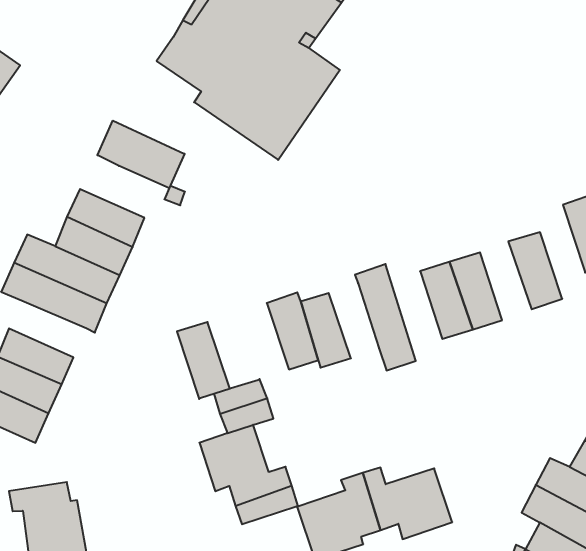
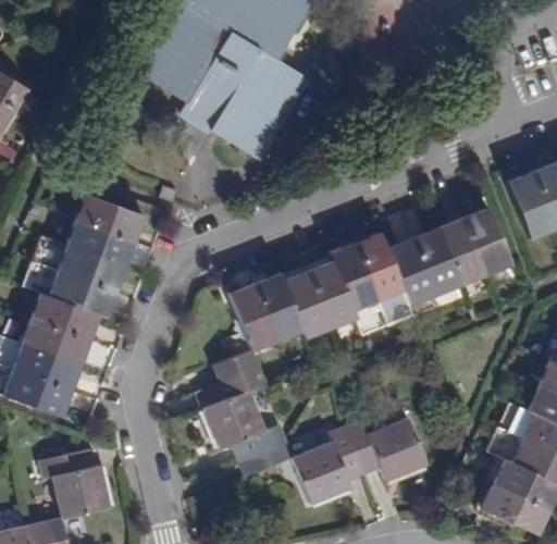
building: [97,121,185,188] -> none
building: none -> [438,217,486,285]
building: none -> [357,233,414,325]
building: none -> [309,261,356,326]
building: none -> [33,294,100,341]
building: [177,322,230,399] -> [230,283,278,350]

